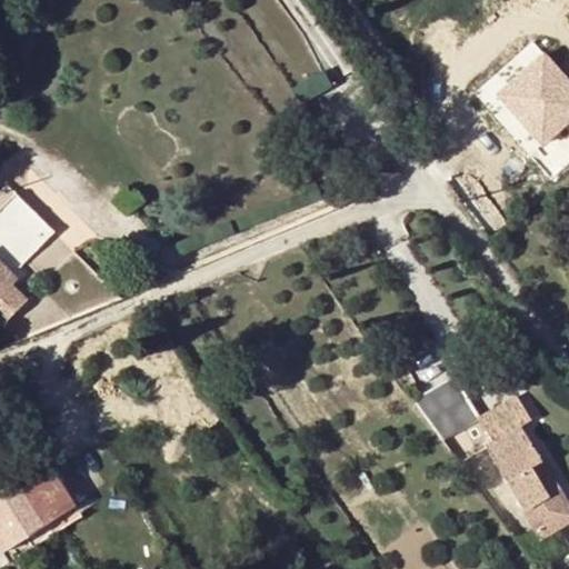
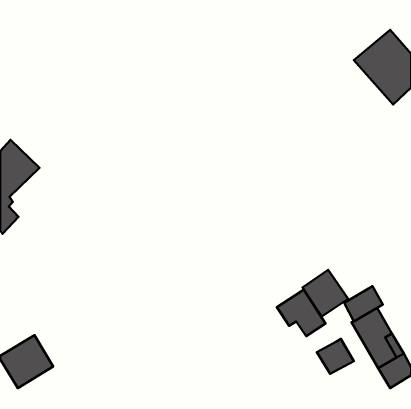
building: none -> [277,289,325,336]
building: none -> [317,339,354,374]

